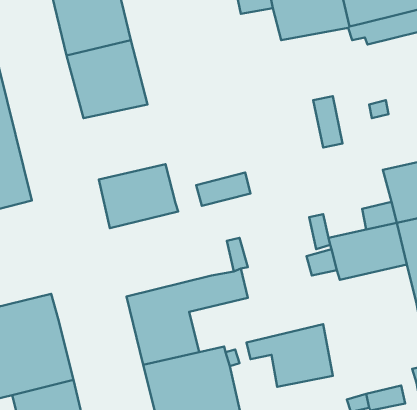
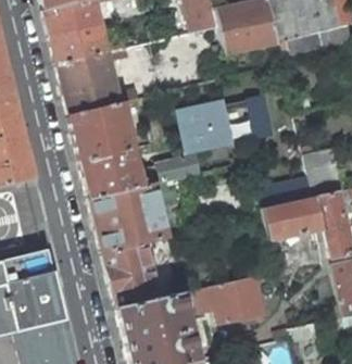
building: none -> [180,102,234,152]
building: none -> [72,103,136,162]
building: none -> [92,184,172,253]

